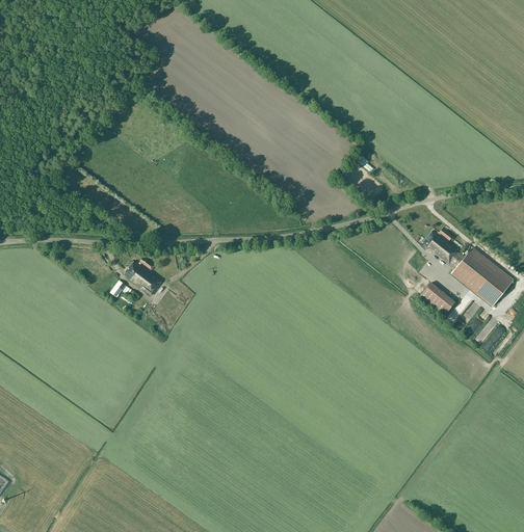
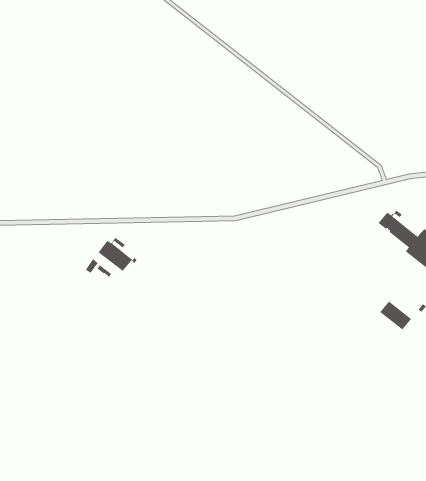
building: [420,283,455,315] -> [379,300,412,331]

